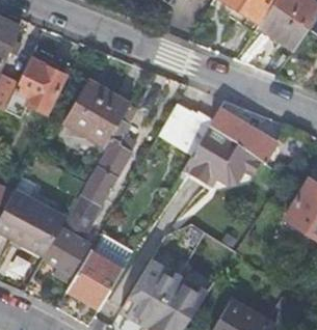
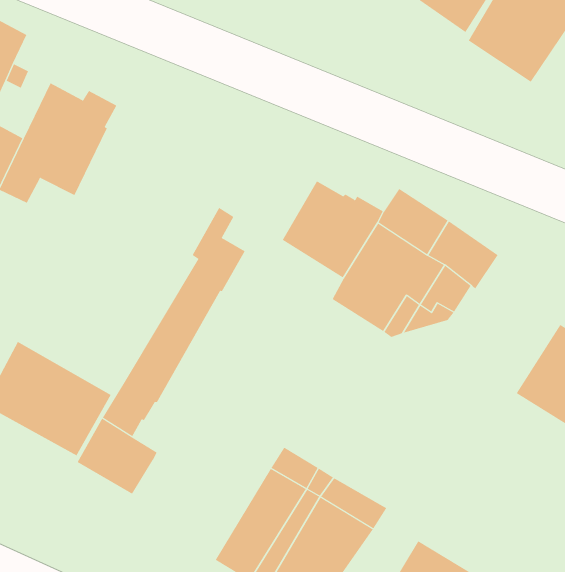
building: [67,81,132,147] -> none
building: [67,255,121,309] -> none

